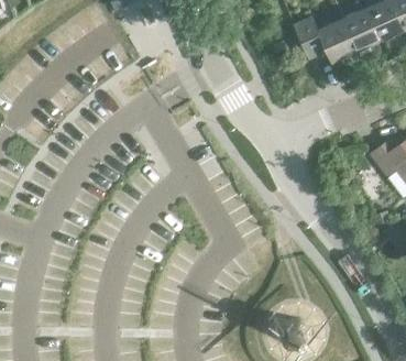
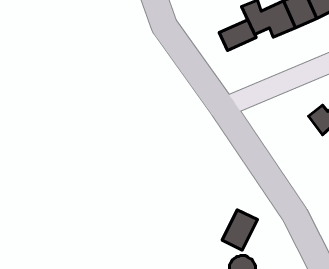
building: none -> [219,20,256,50]
building: none -> [222,210,257,250]

